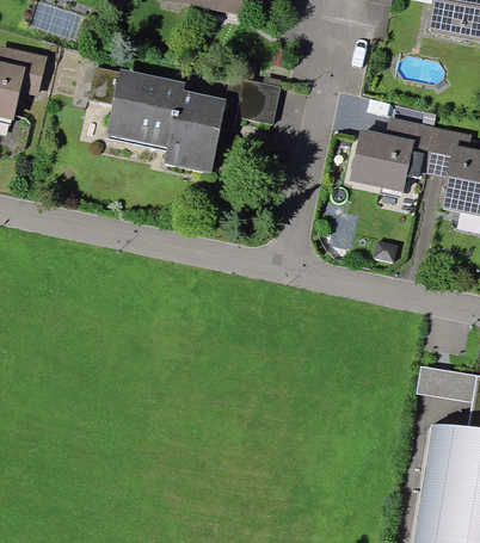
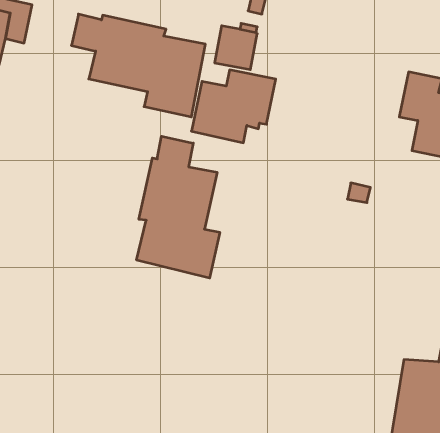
building: [350,117,437,192] -> [191,70,276,143]
building: none -> [137,136,220,278]

